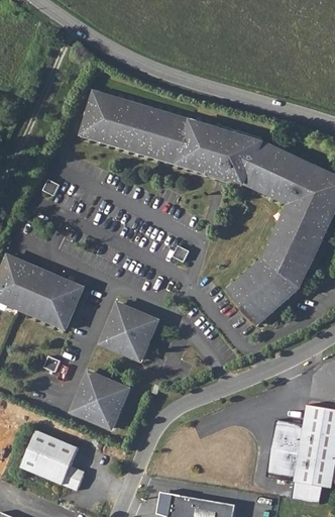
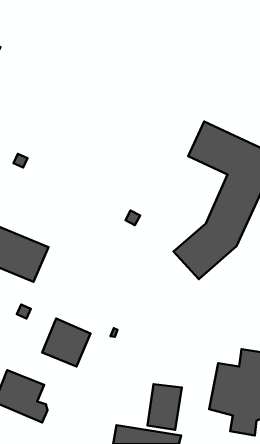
building: [81,92,261,182] -> none
building: [104,302,159,357] -> none
building: none -> [147,384,182,430]

